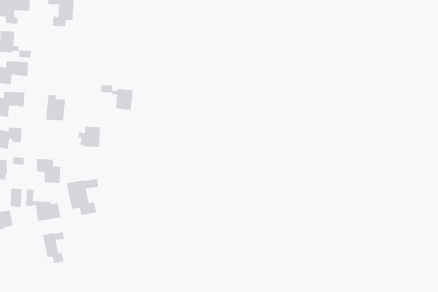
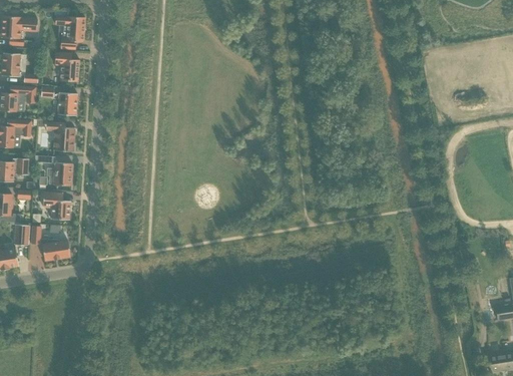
building: none -> [54,52,79,82]
building: [100,84,133,110] -> [41,87,77,116]
building: [78,126,101,147] -> [47,162,72,185]
building: [66,178,99,216] -> none
building: [42,231,64,264] -> none

